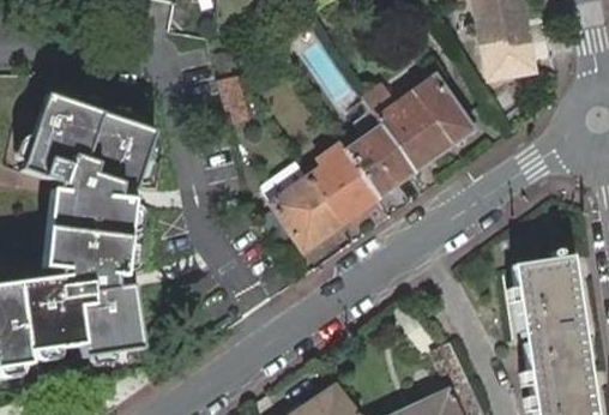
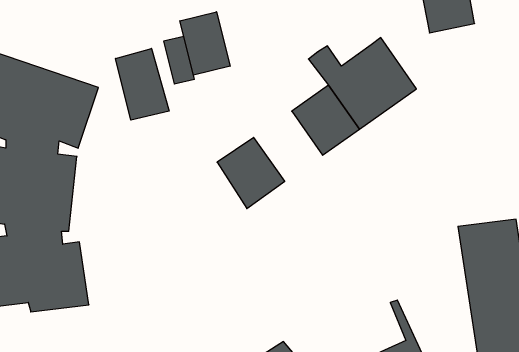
building: none -> [180,12,230,75]
building: none -> [116,48,169,120]
building: [309,145,379,222] -> none

